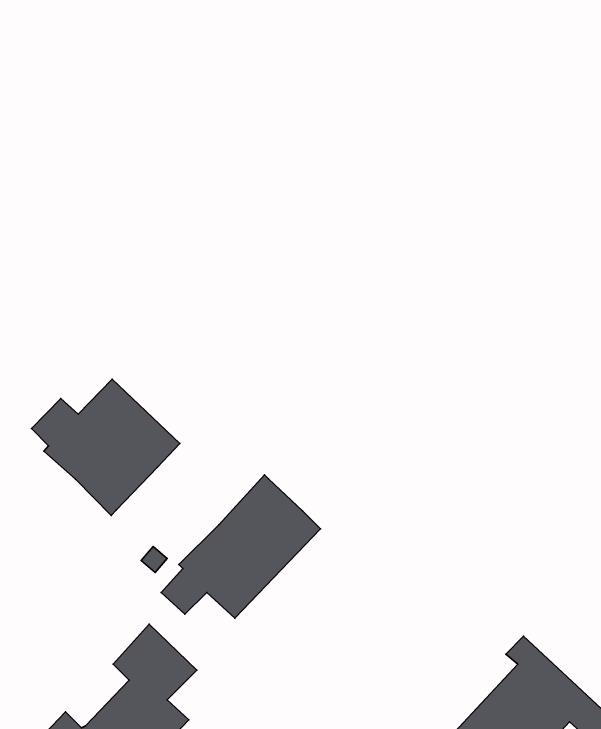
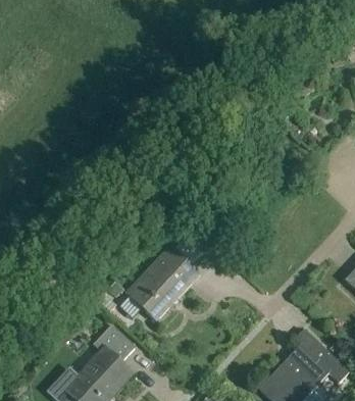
building: [32,379,180,516] -> none

